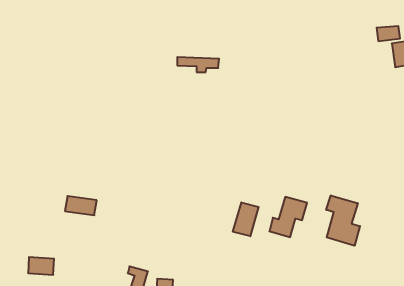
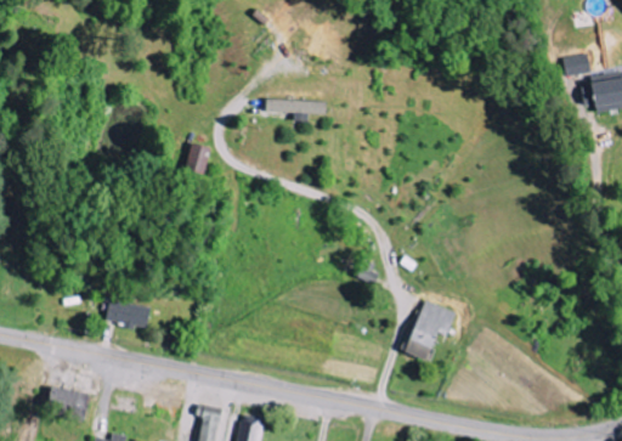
building: none -> [186,142,211,173]
building: [326,195,360,246] -> none
building: [233,202,259,236] -> none

